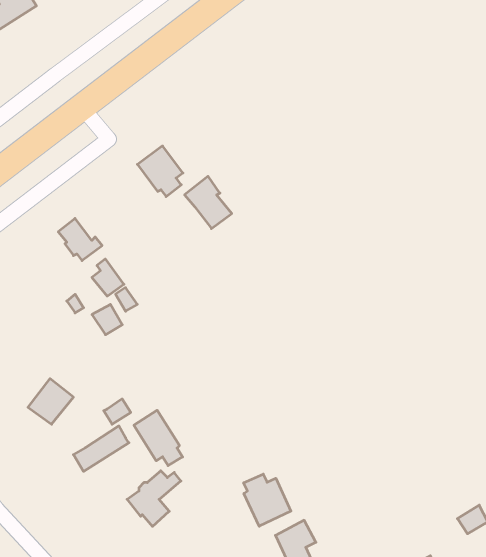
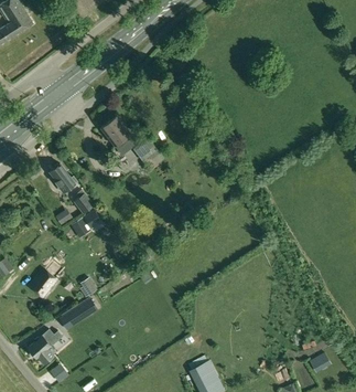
building: [134,410,183,466] -> none
building: [127,471,181,526] -> [25,329,61,365]
building: [244,474,291,526] -> none

